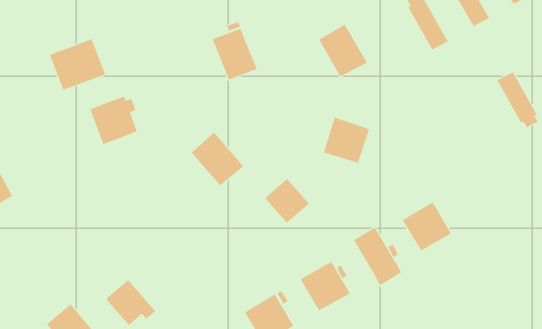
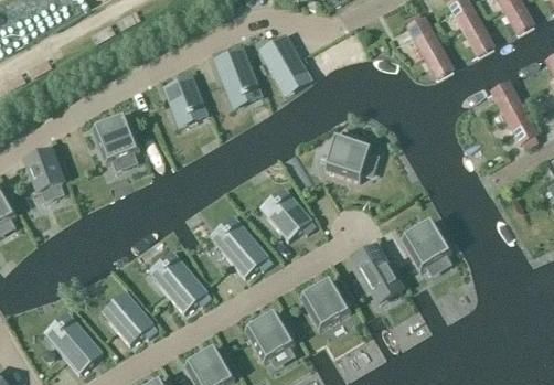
building: [319,24,368,77] -> [259,34,308,87]
building: [49,39,106,91] -> none
building: none -> [163,74,204,117]
building: none -> [25,149,63,191]
building: [191,132,244,186] -> [212,217,265,271]
building: none -> [149,255,205,309]

